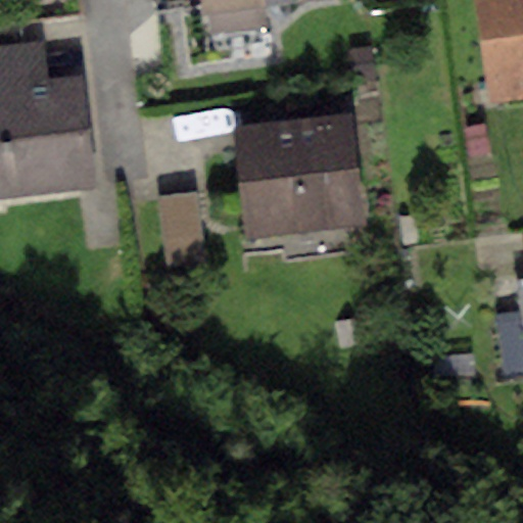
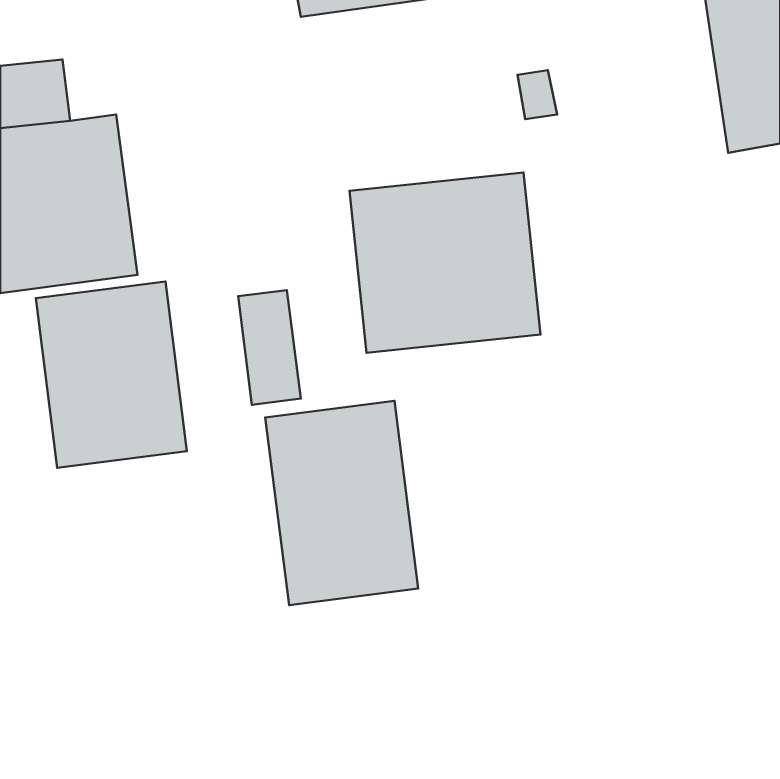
building: none -> [36,281,187,468]
building: none -> [265,401,418,605]

